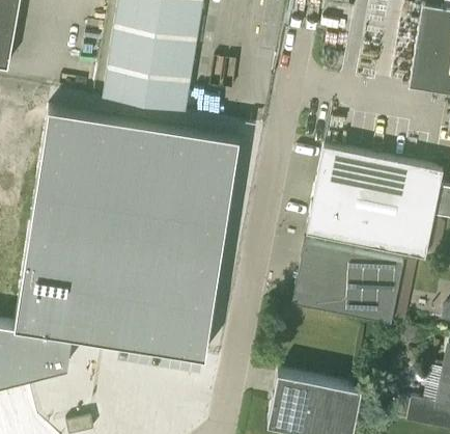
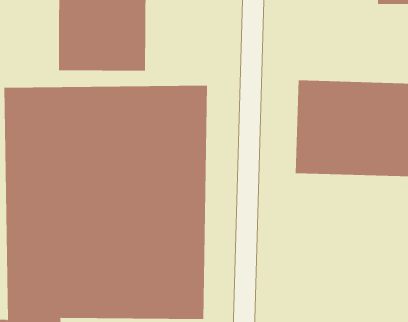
building: [293,242,404,324] -> none

